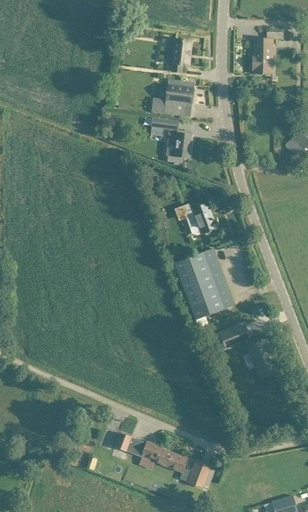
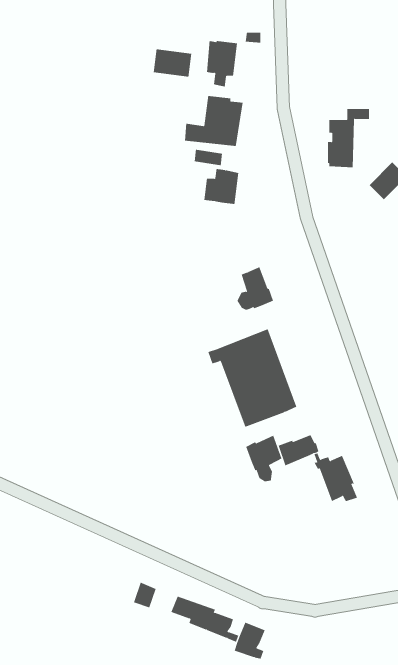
building: [252,31,283,74] -> [327,108,370,168]
building: none -> [153,49,192,77]
building: none -> [246,435,282,482]

